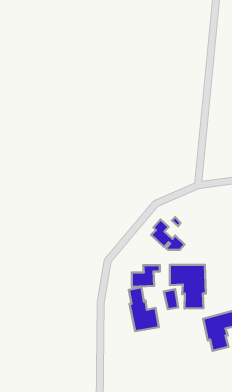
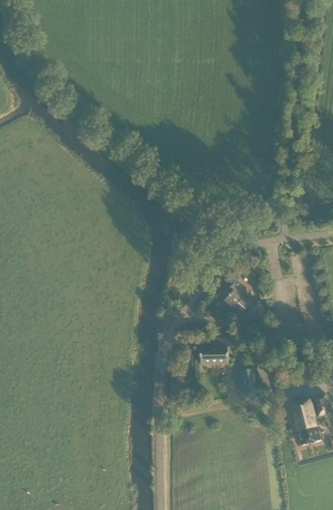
building: [170,265,206,308] -> none
building: [129,287,159,331] -> none

